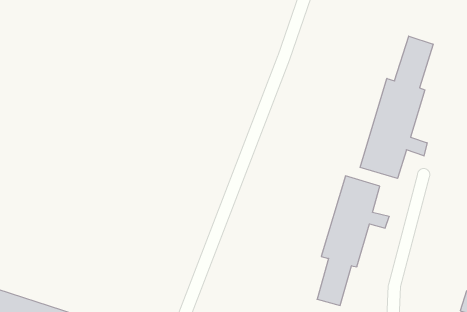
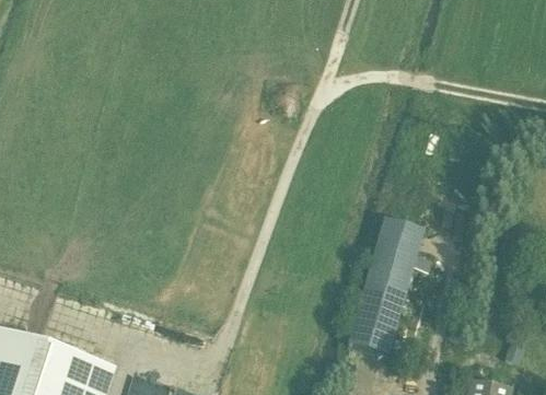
building: [360,36,433,178] -> none

